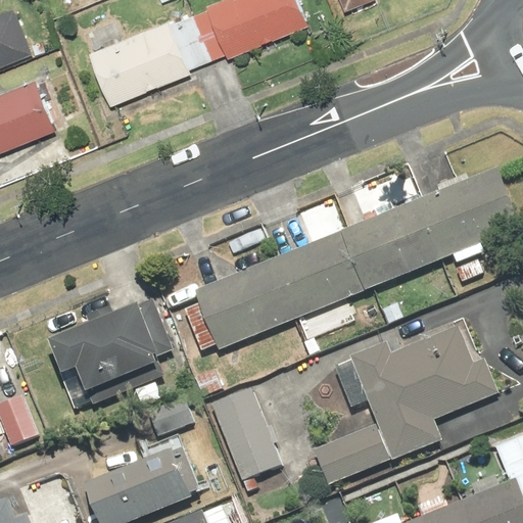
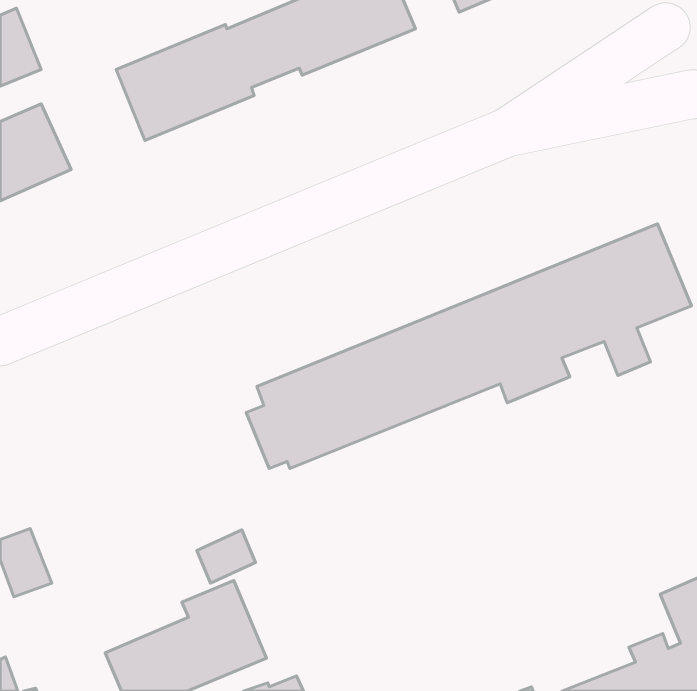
building: [44,307,174,394] -> none
building: [313,326,501,486] -> none
building: [211,389,281,480] -> none

